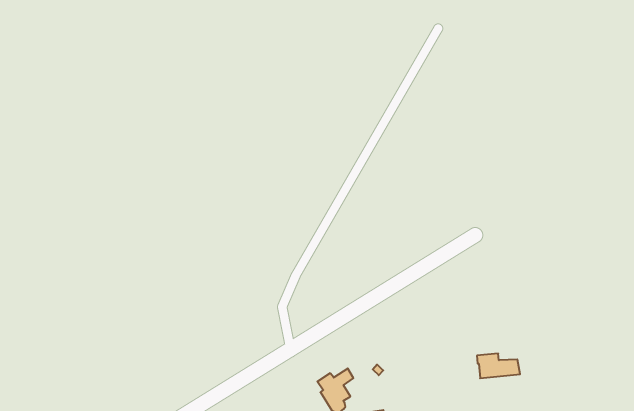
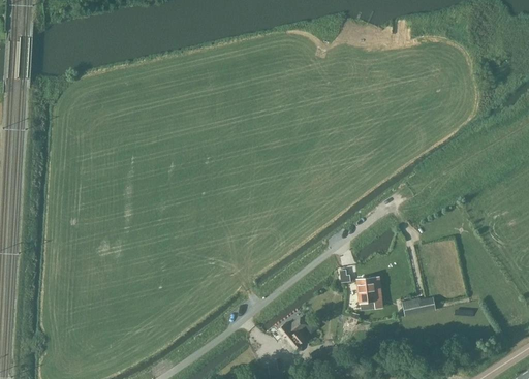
building: none -> [357,276,380,309]

